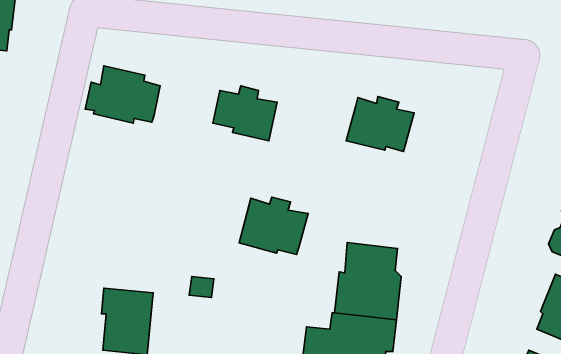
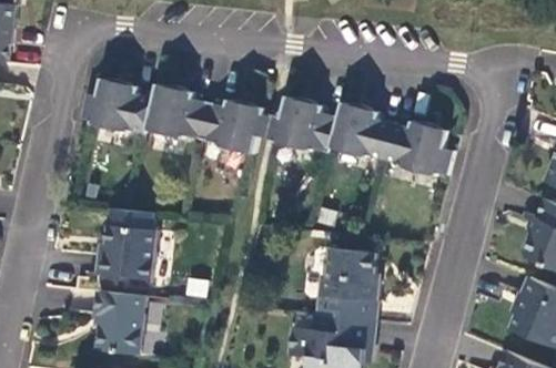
building: none -> [146,86,209,134]
building: none -> [383,122,453,176]
building: [239,197,308,254] -> [272,102,337,156]
building: none -> [97,225,155,279]

